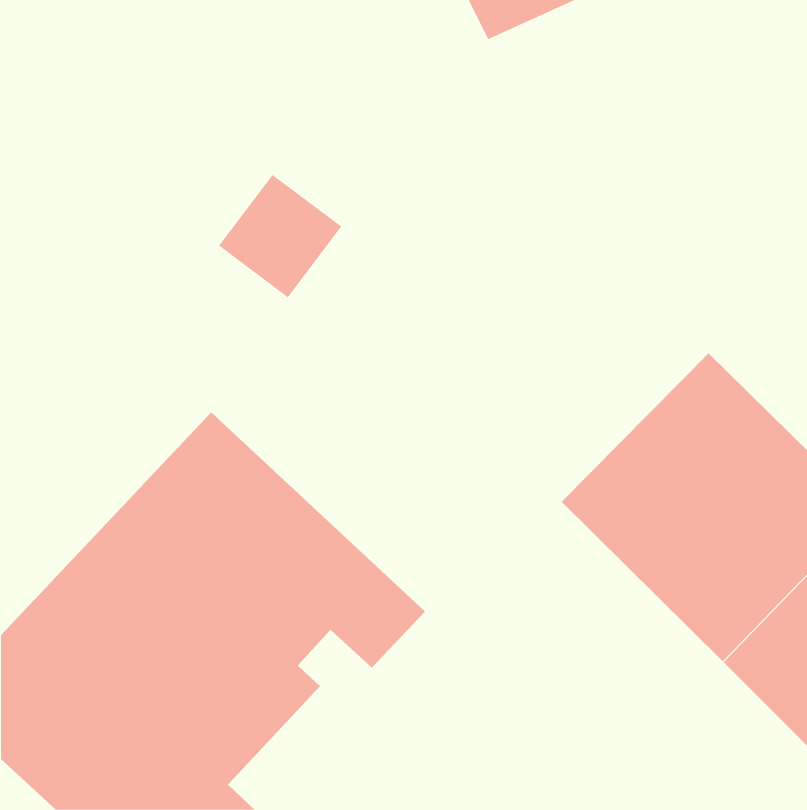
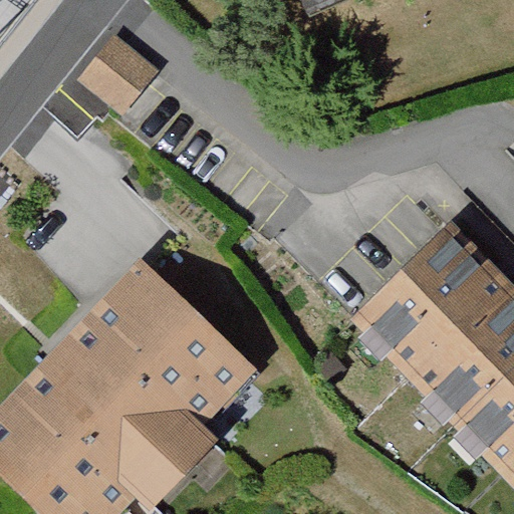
building: [218,174,342,298] -> [85,28,164,106]

